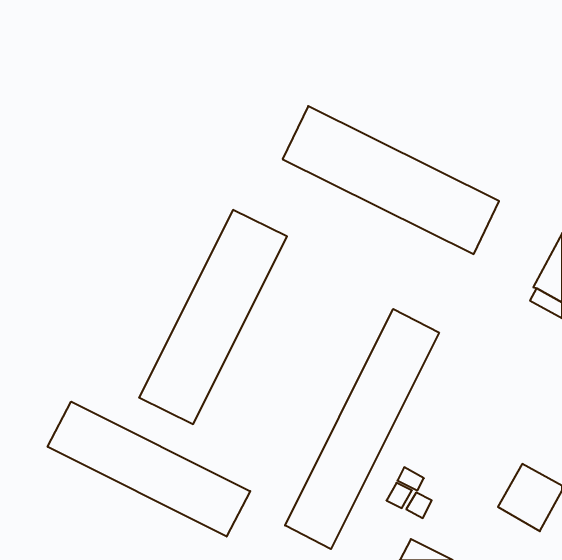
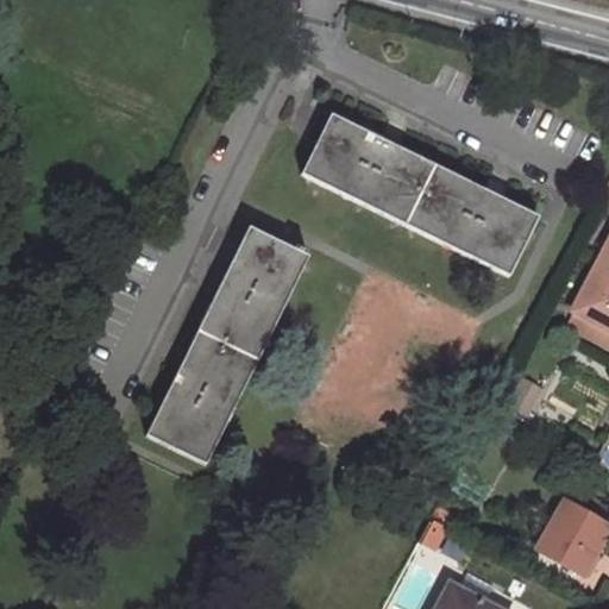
building: [285,309,439,549] -> none
building: [48,402,250,537] -> none

